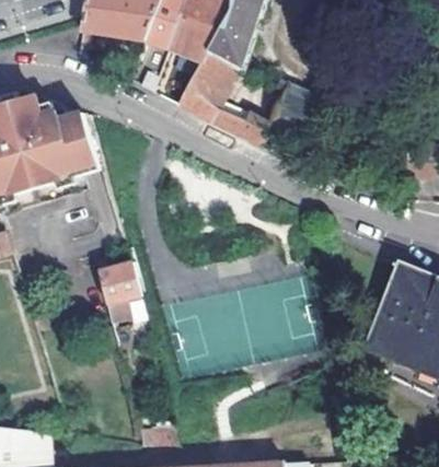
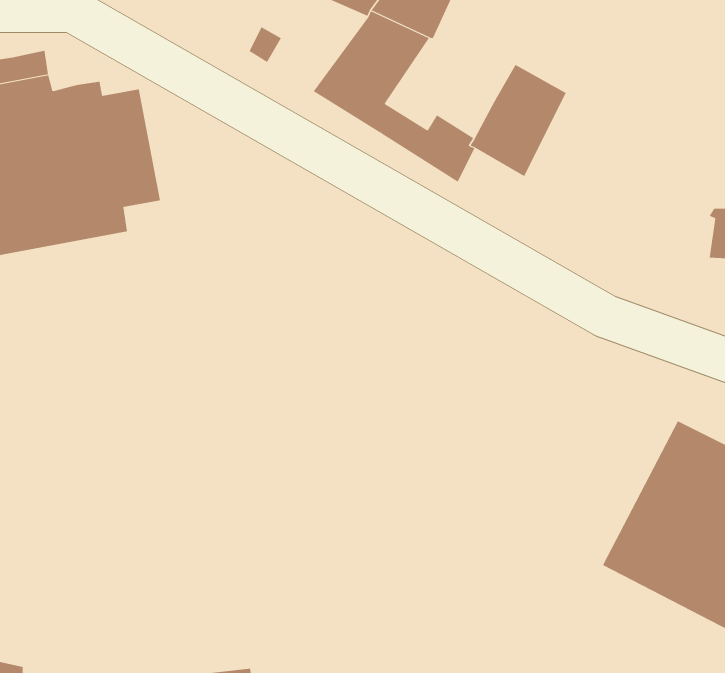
building: [97,262,142,322] -> none

